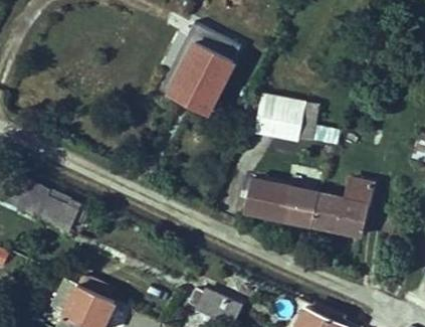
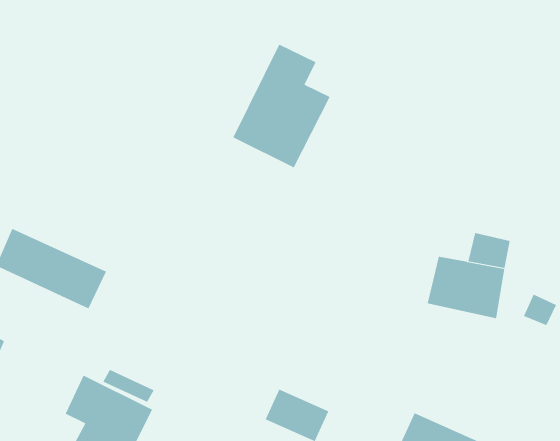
building: [247,92,320,135] -> none
building: [243,177,320,226] -> none

